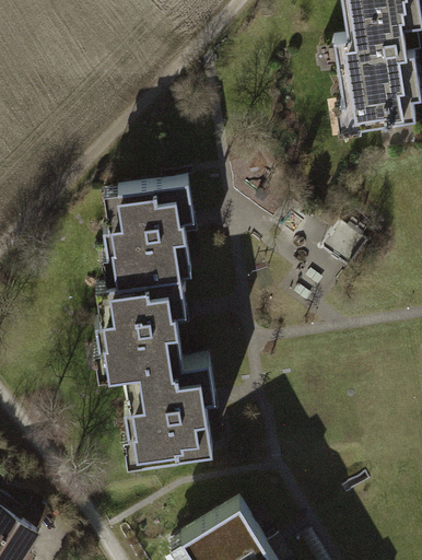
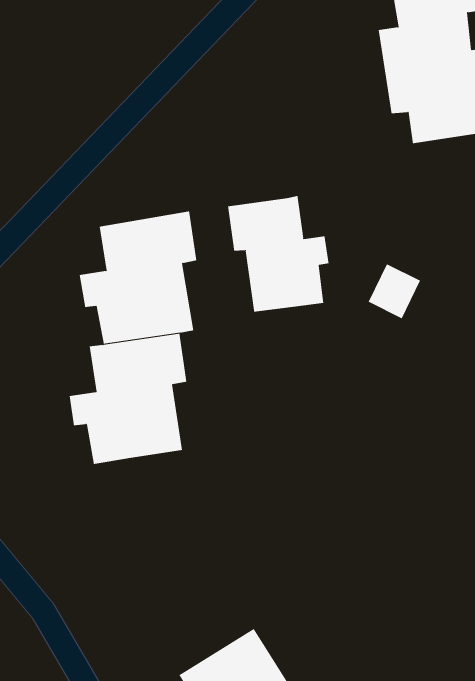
building: none -> [227,195,329,313]
building: [122,360,212,462] -> none

